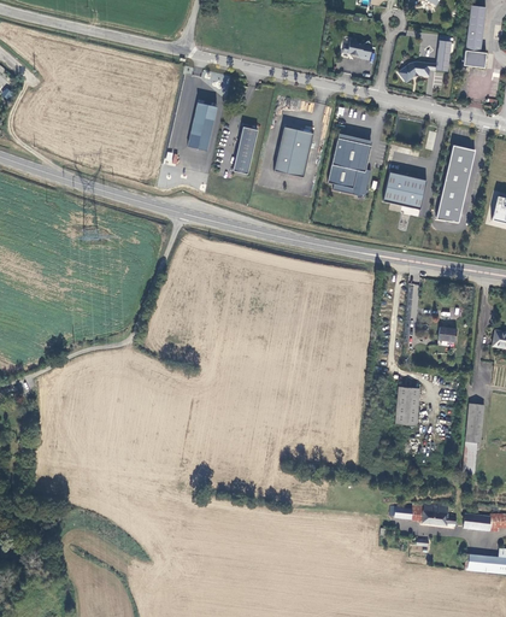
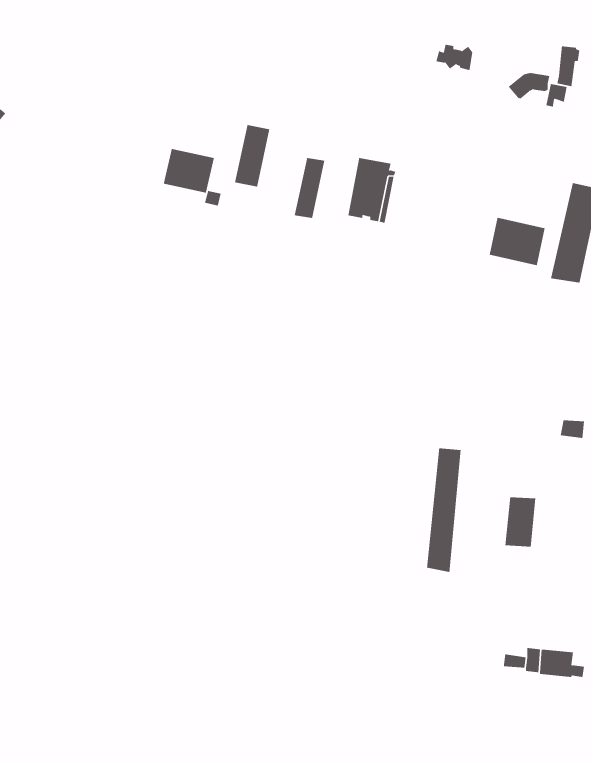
building: none -> [163,148,214,193]
building: [326,137,370,195] -> none
building: none -> [427,447,461,573]

